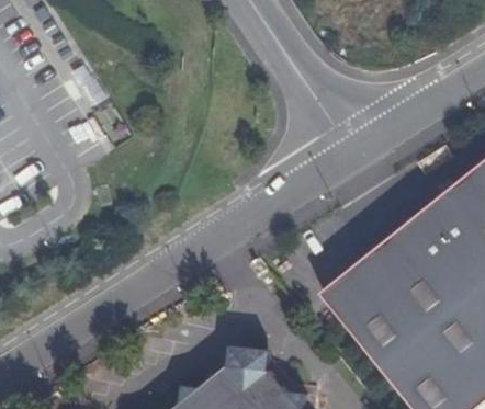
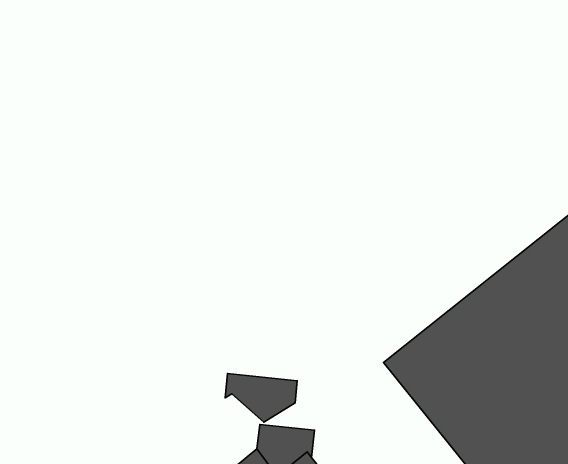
building: none -> [225,374,297,422]

